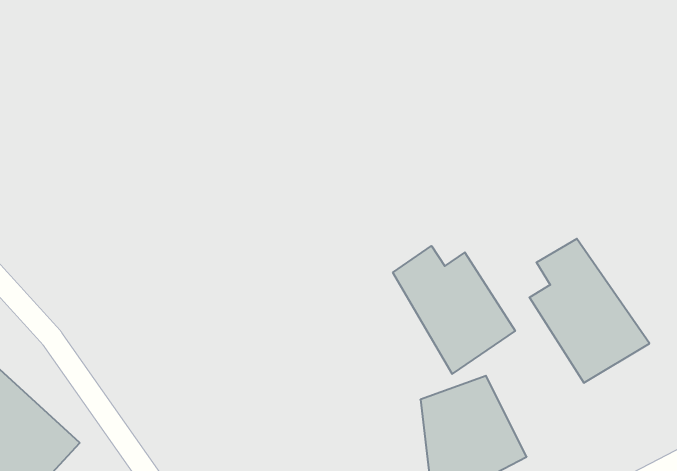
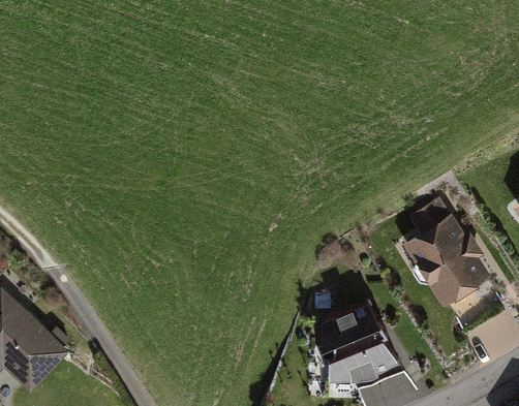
building: [393,246,515,374] -> none

